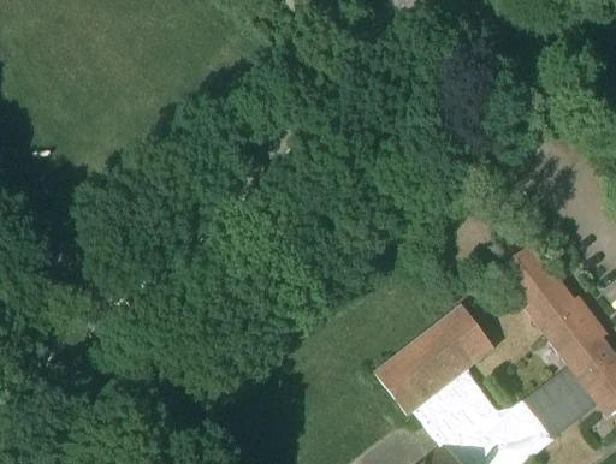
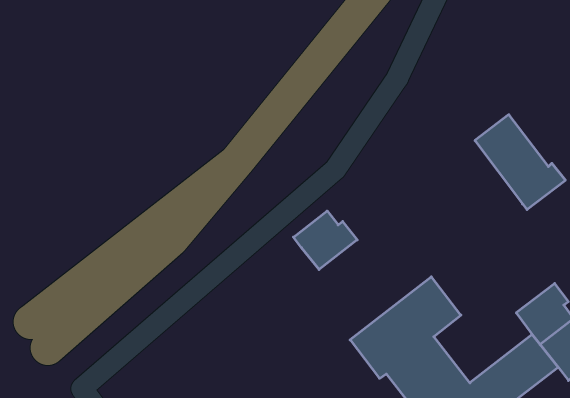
building: none -> [293,211,357,270]
building: [497,243,593,344] -> [475,115,565,210]

